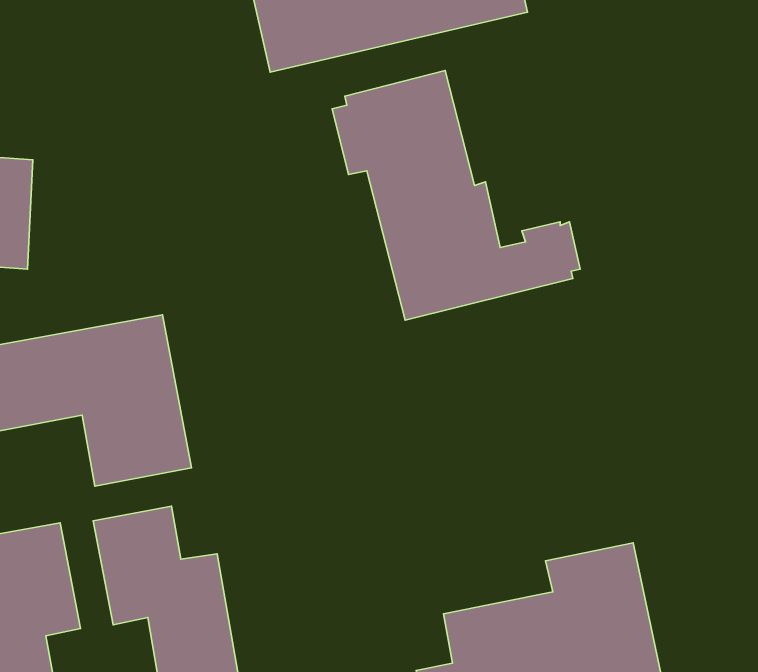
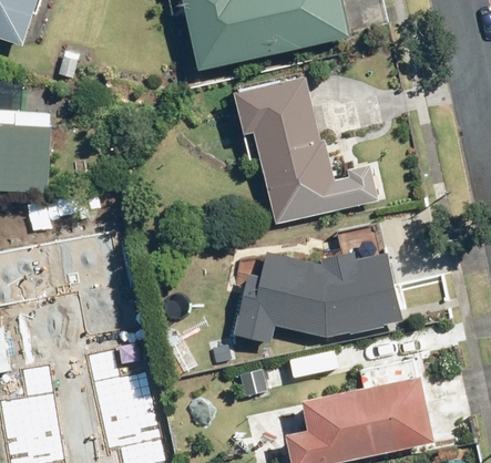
building: none -> [238,241,412,337]

